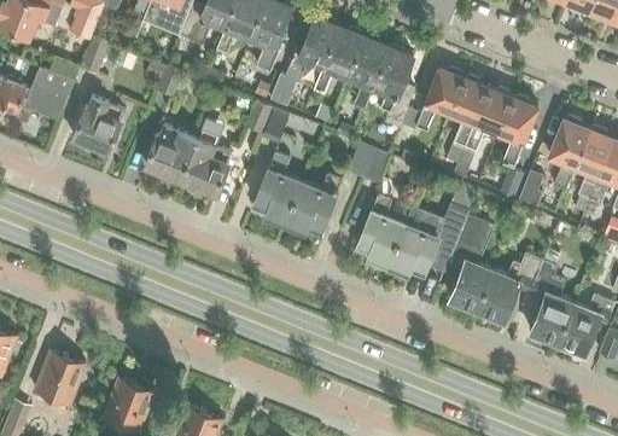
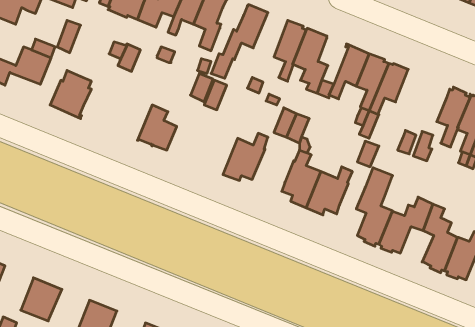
building: [313,28,363,93] -> none
building: [496,95,537,165] -> none
building: [144,127,197,182] -> none
building: [252,153,302,225] -> none

